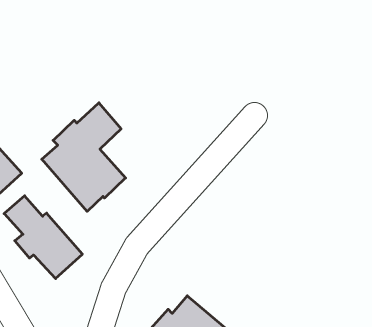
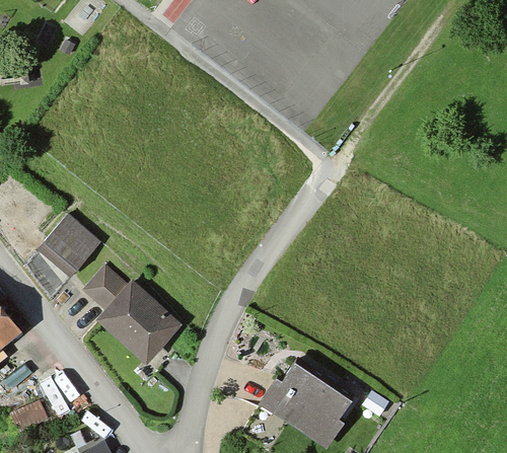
building: [42,103,126,211] -> none

